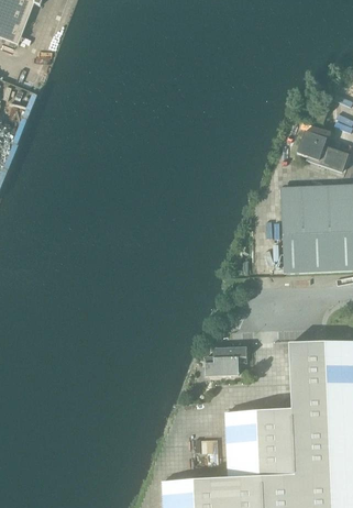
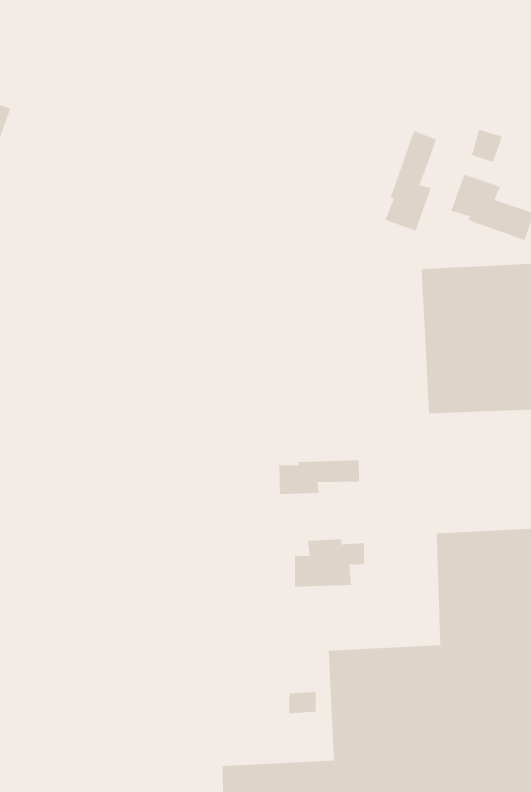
building: none -> [385,130,437,232]
building: none -> [279,459,359,495]

